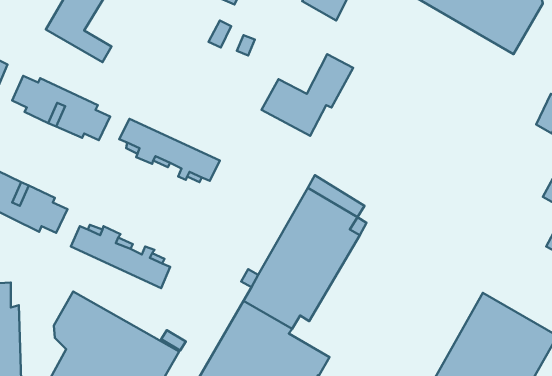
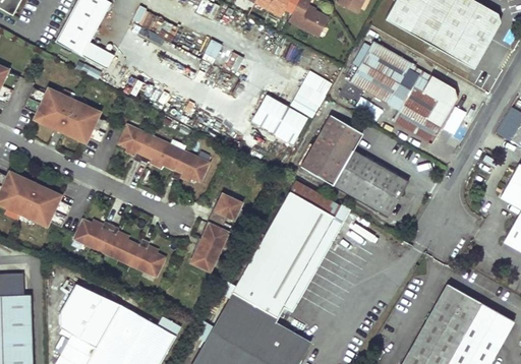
building: none -> [349,41,457,142]
building: none -> [300,113,409,217]
building: none -> [193,195,243,272]

